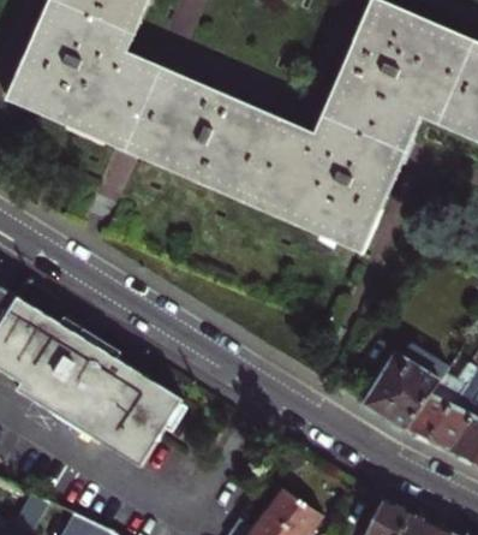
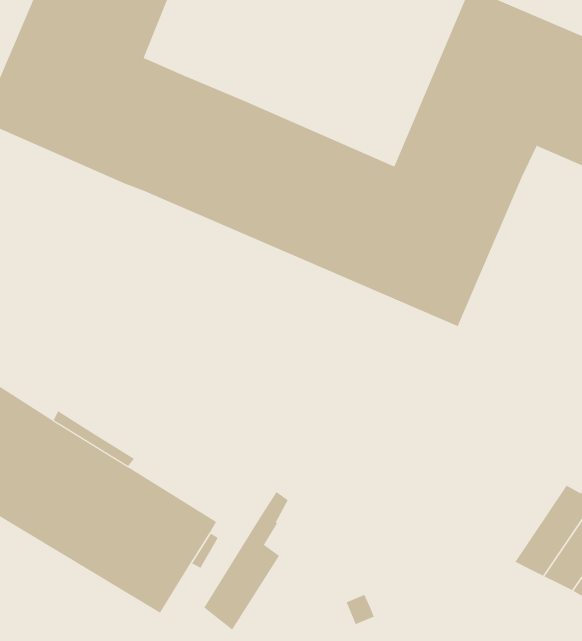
building: [363,352,446,429] -> none
building: none -> [203,491,288,630]

